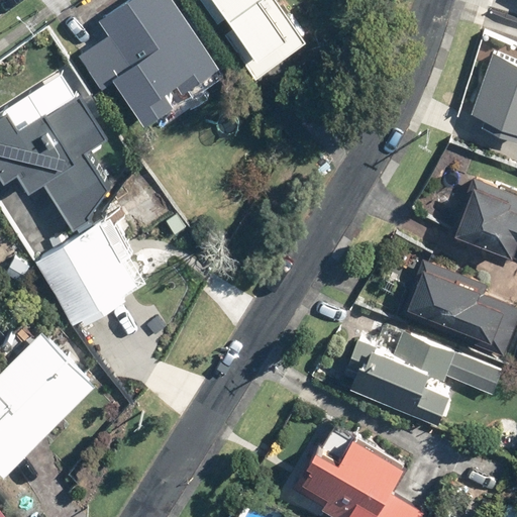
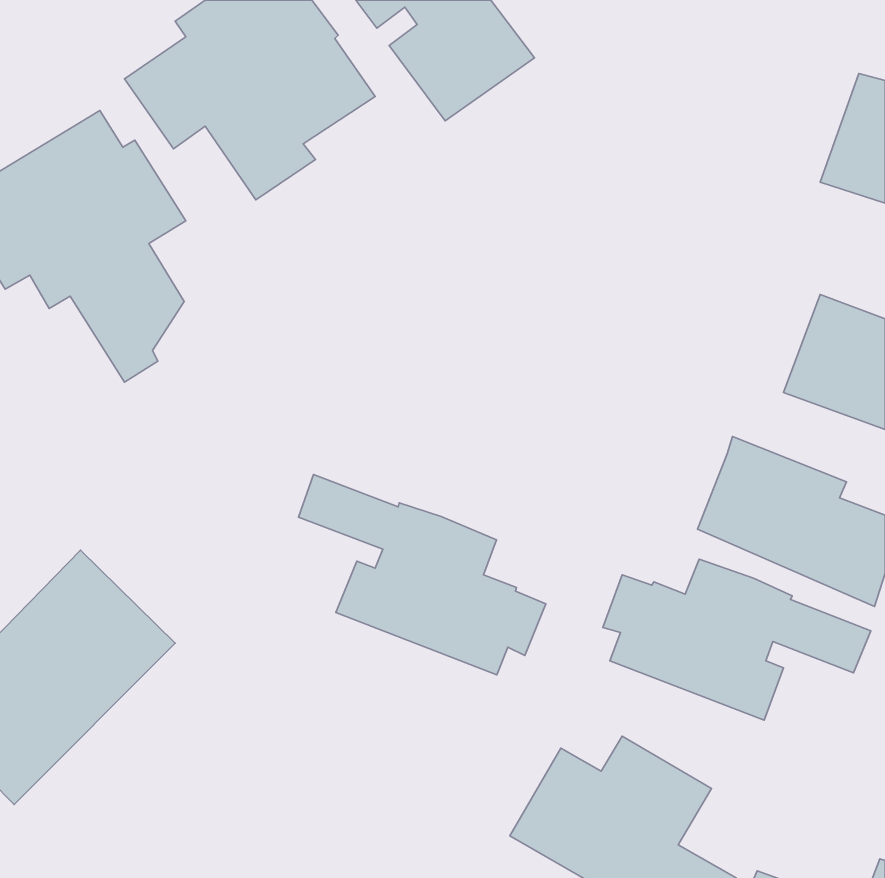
building: [36,221,141,332] -> none
building: none -> [298,474,546,675]

